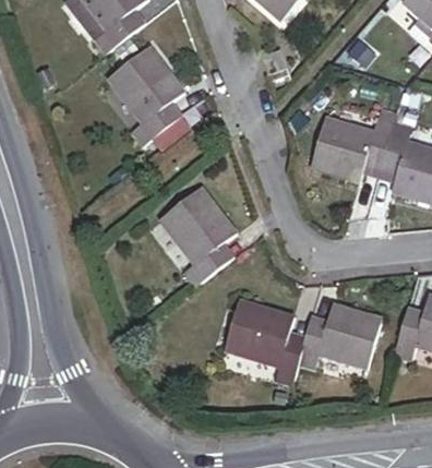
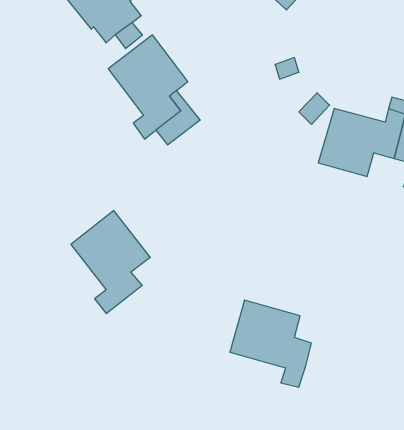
building: [160,185,237,285] -> [71,211,150,314]
building: [298,302,380,369] -> none

